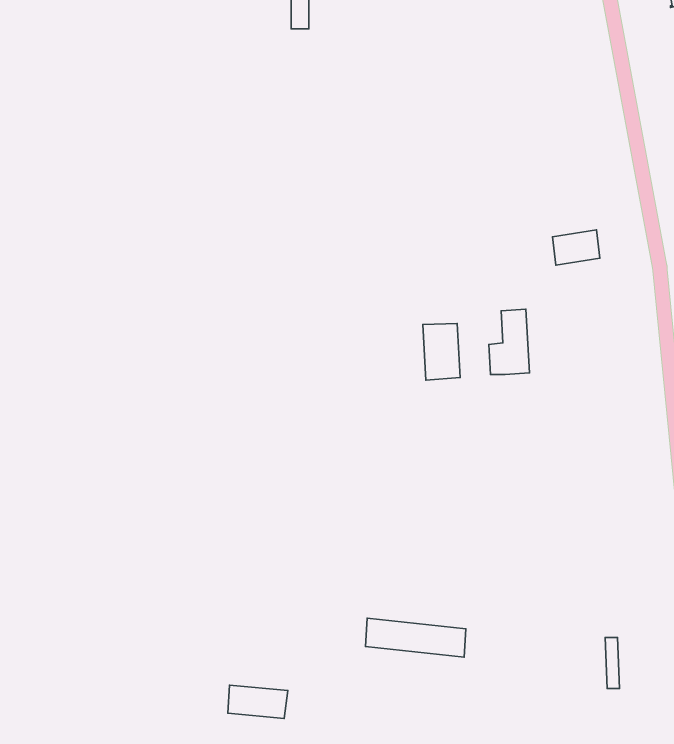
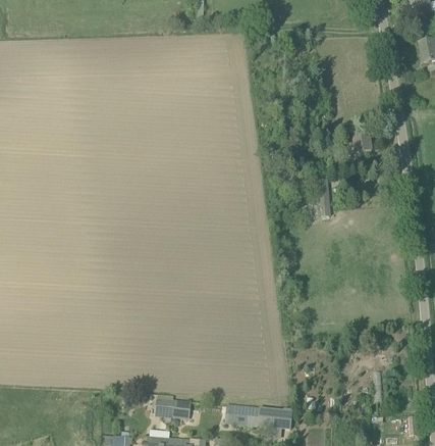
building: [423,323,460,380] -> none
building: [365,618,466,657] -> [225,405,283,428]

